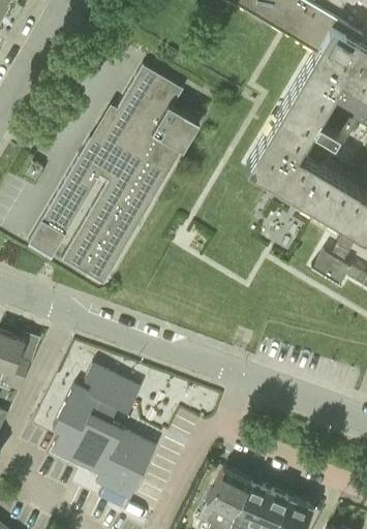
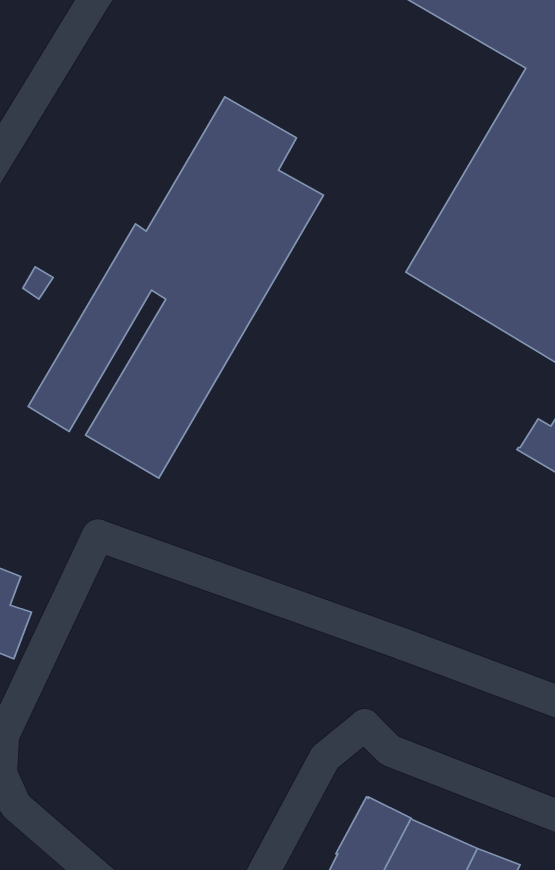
building: [51,366,156,501] -> none

